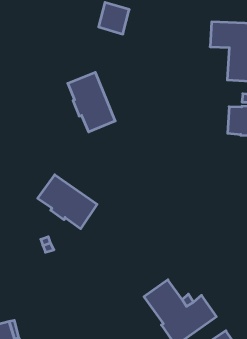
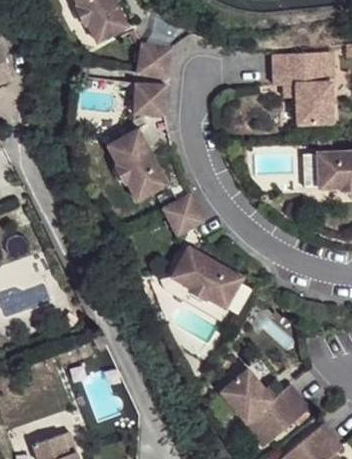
building: none -> [134,83,166,115]
building: none -> [163,194,204,234]
building: [38,175,97,229] -> [170,246,242,308]

